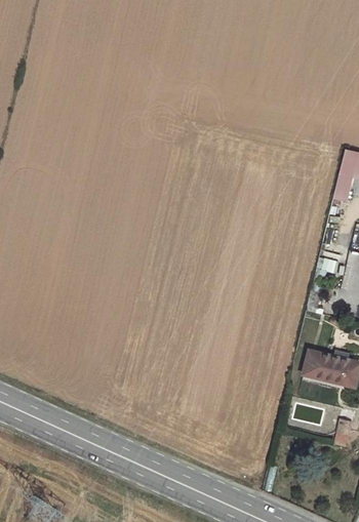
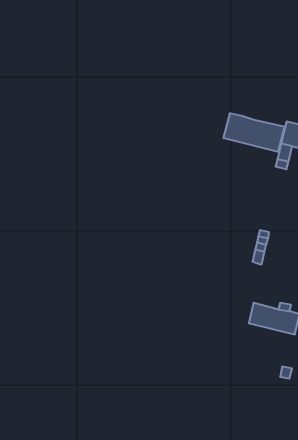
building: none -> [224,113,285,152]

